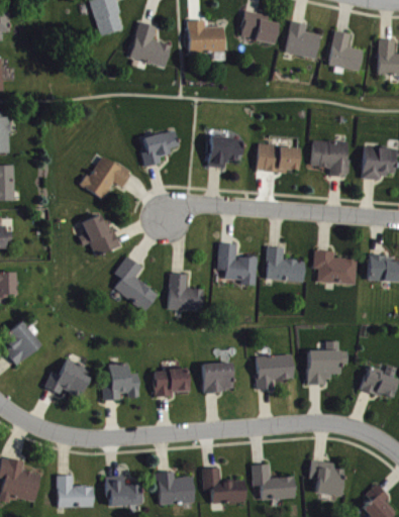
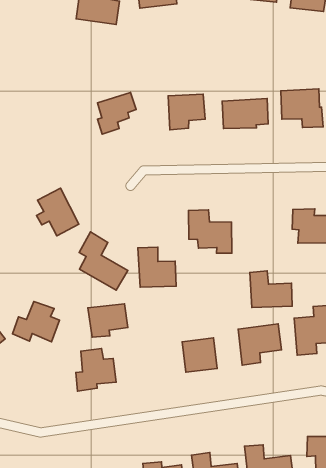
building: [82,154,130,199] -> none
building: [266,247,304,282] -> [250,271,292,307]
building: [43,358,88,397] -> [12,301,59,342]
building: [153,369,188,397] -> [88,304,128,337]

